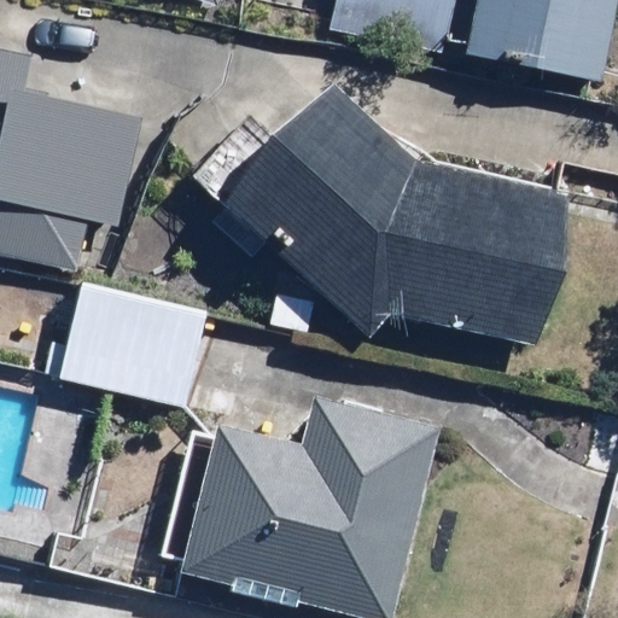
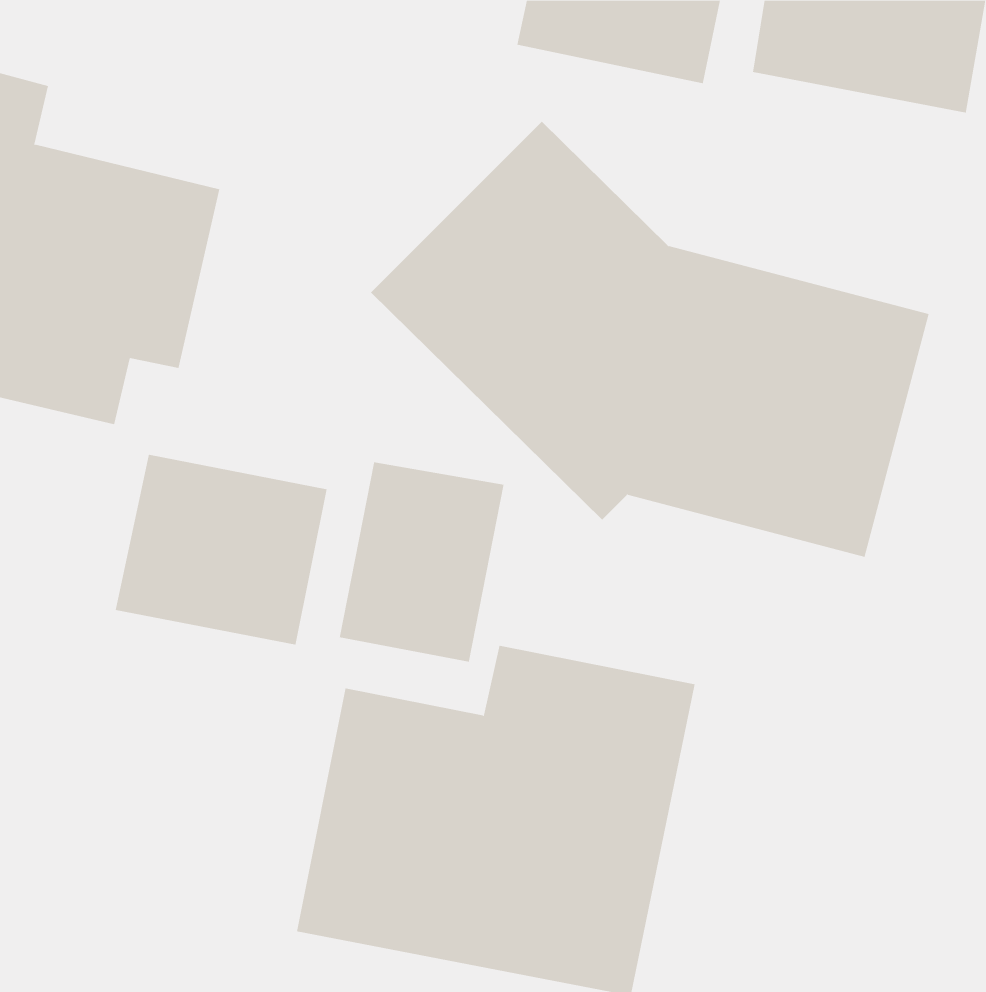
building: none -> [339,461,504,663]

